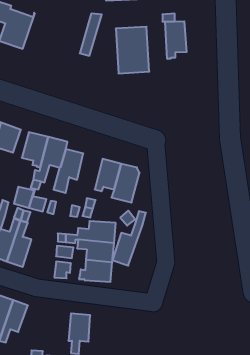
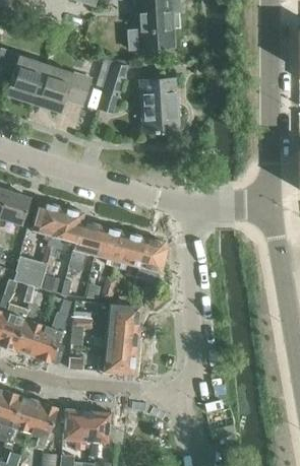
building: none -> [33,64,93,113]
building: [165,21,187,59] -> none
building: none -> [96,225,125,267]
building: [112,211,146,266] -> [33,299,71,362]
building: none -> [27,401,58,450]
building: none -> [63,408,88,447]

